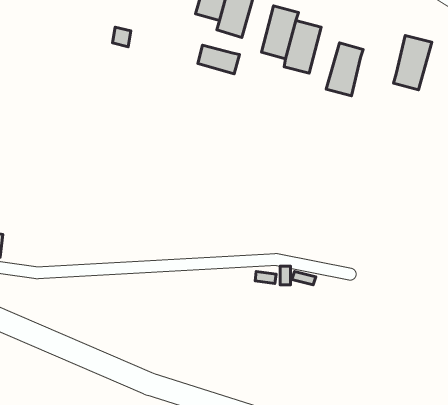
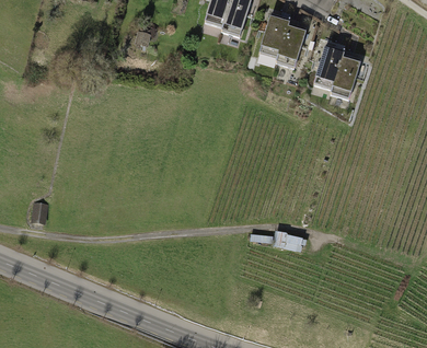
building: [393,36,432,90] -> [331,55,362,100]
building: [198,45,240,74] -> none

